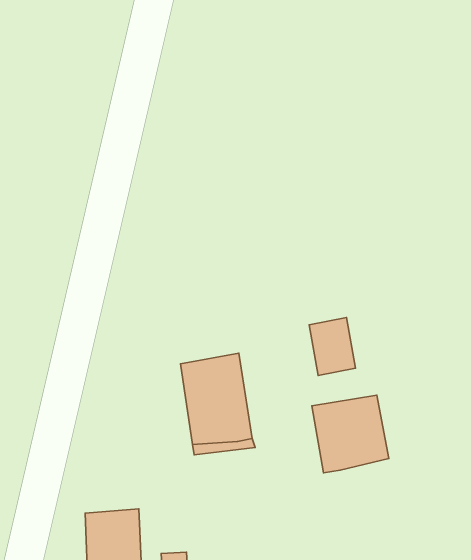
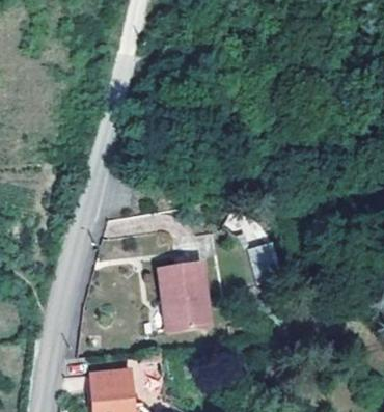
building: [312,395,389,473] -> none

